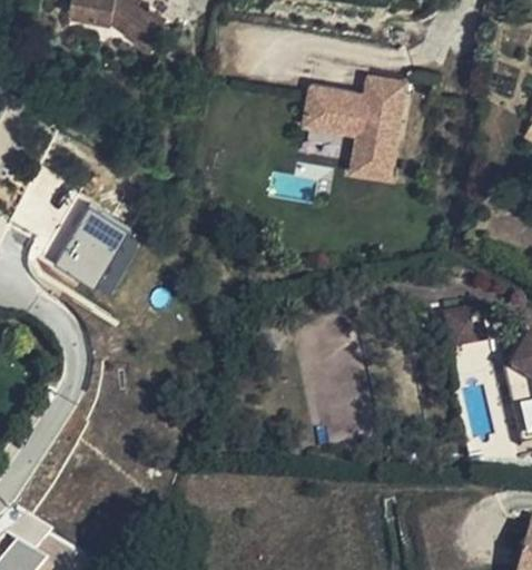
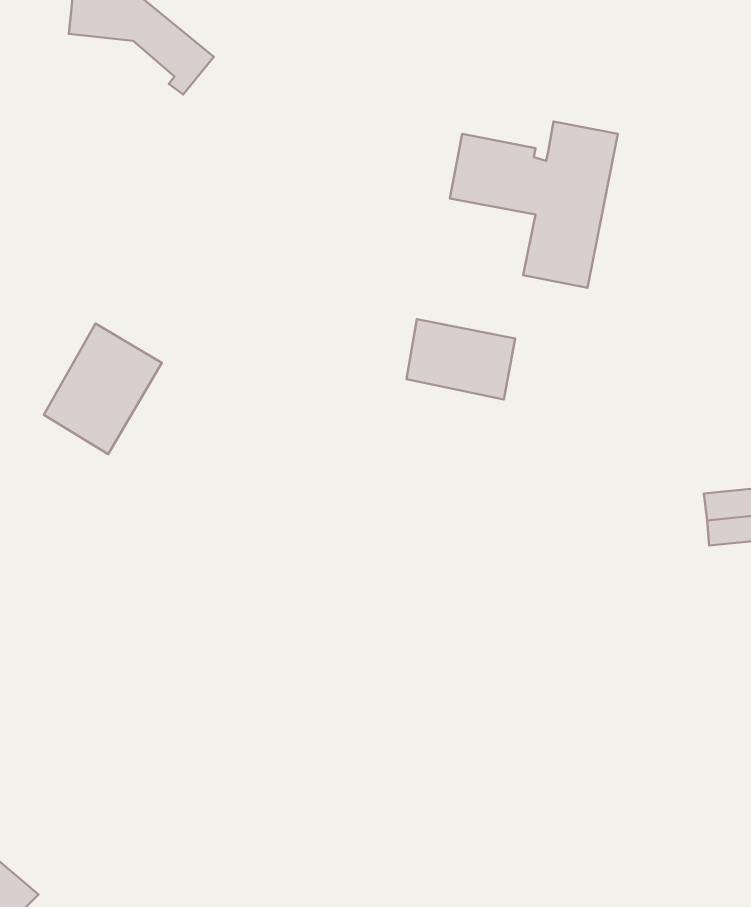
building: none -> [407,319,515,399]

